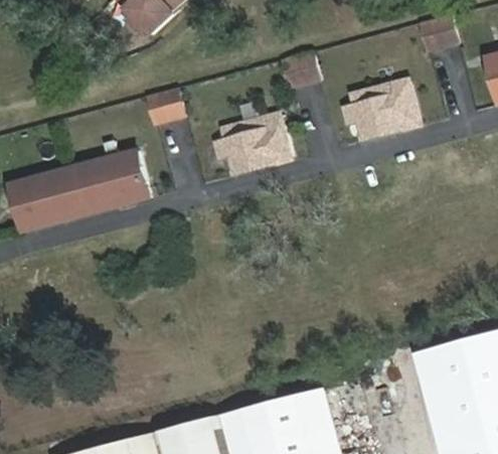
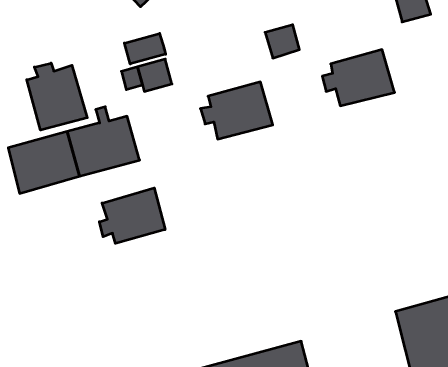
building: none -> [124,33,166,64]
building: none -> [27,63,87,130]
building: none -> [99,188,165,243]

